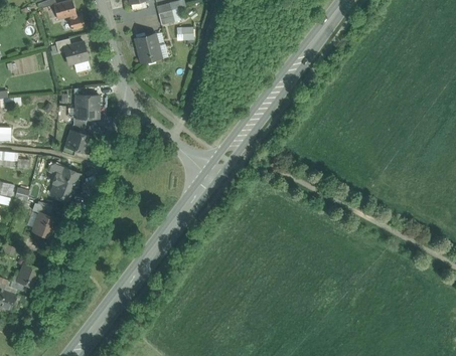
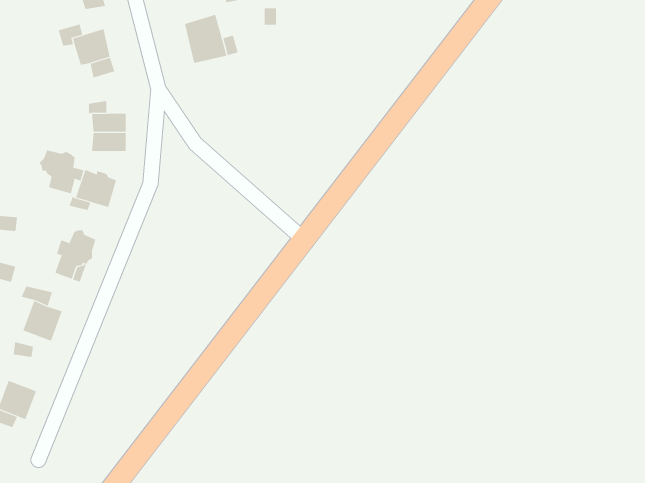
building: none -> [39,150,84,194]

